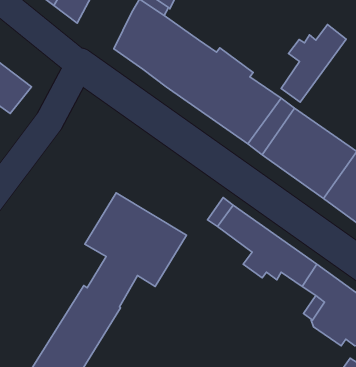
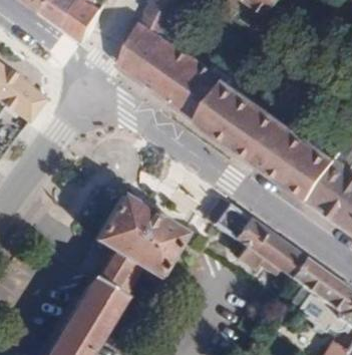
building: [281,24,346,102] -> none

